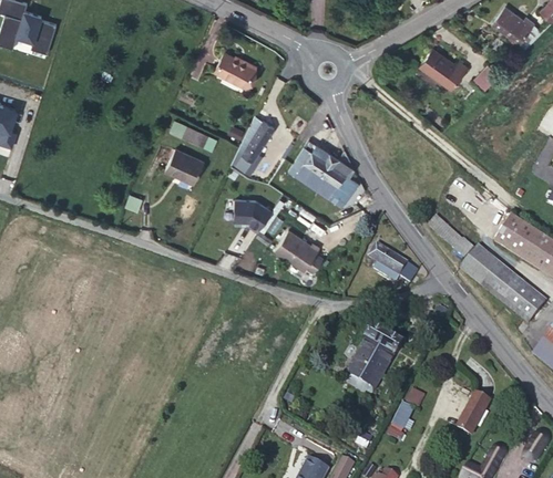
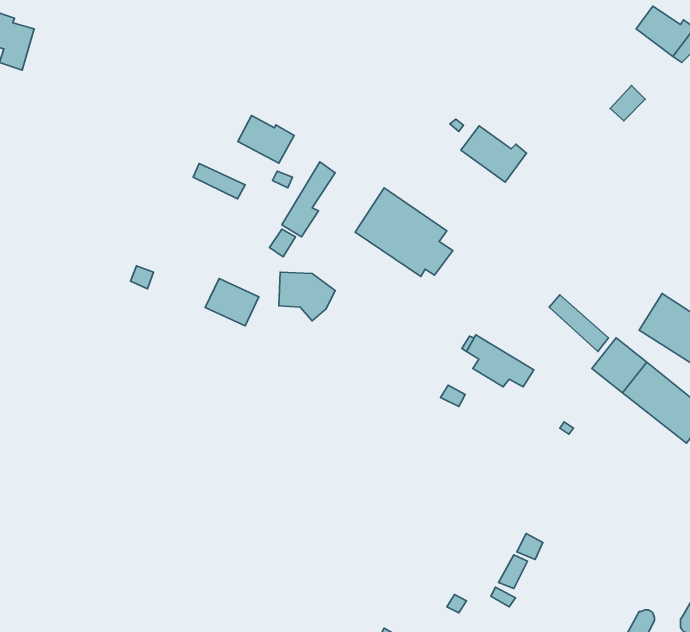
building: [419,46,467,87] -> [461,126,526,182]
building: [214,51,255,85] -> [238,116,294,163]
building: [165,147,204,181] -> [205,278,259,326]
building: [274,228,324,271] -> none
building: [342,324,402,393] -> none
building: [457,392,490,434] -> none

